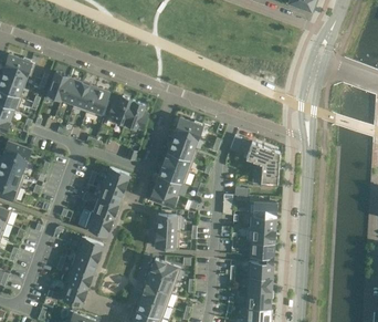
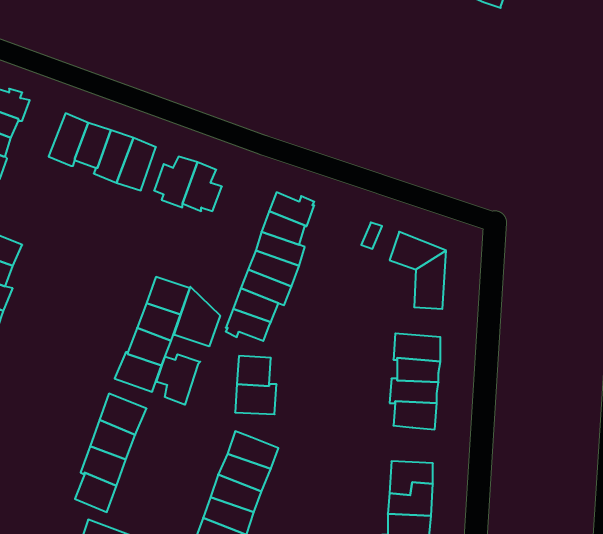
building: none -> [174,287,220,346]
building: none -> [157,354,200,405]
building: [246,257,272,278] -> none

